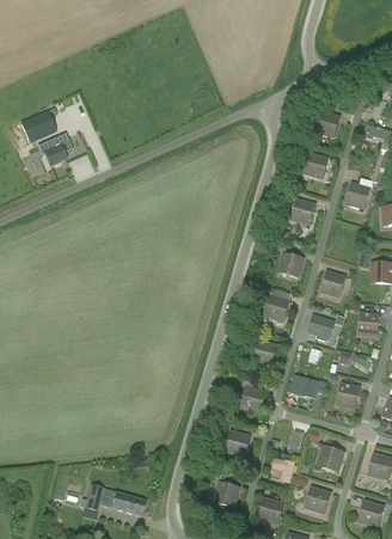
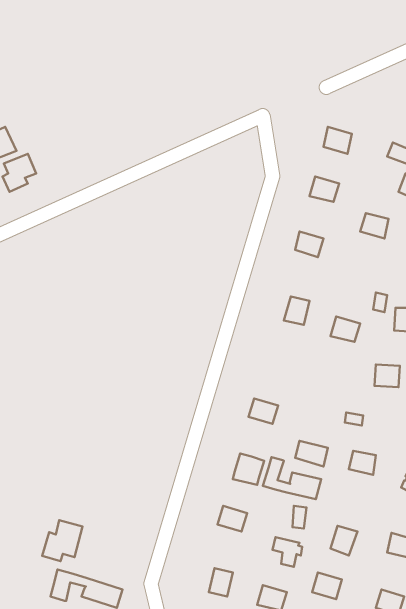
building: [262,294,289,324] -> none
building: [306,313,336,341] -> none
building: none -> [263,457,321,499]
building: none -> [42,520,83,561]

